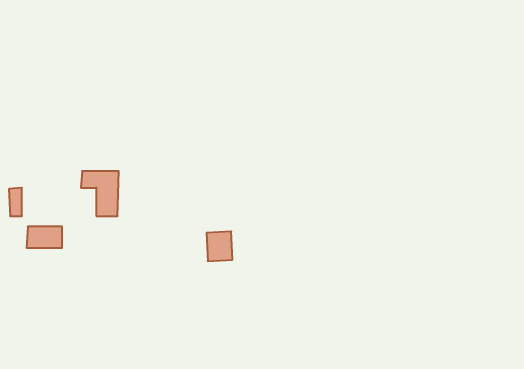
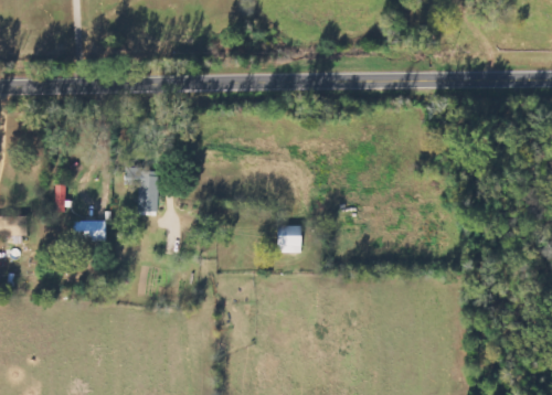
building: [207,231,232,261] -> [276,226,300,254]

